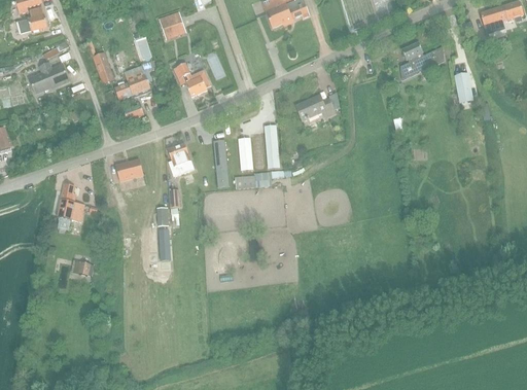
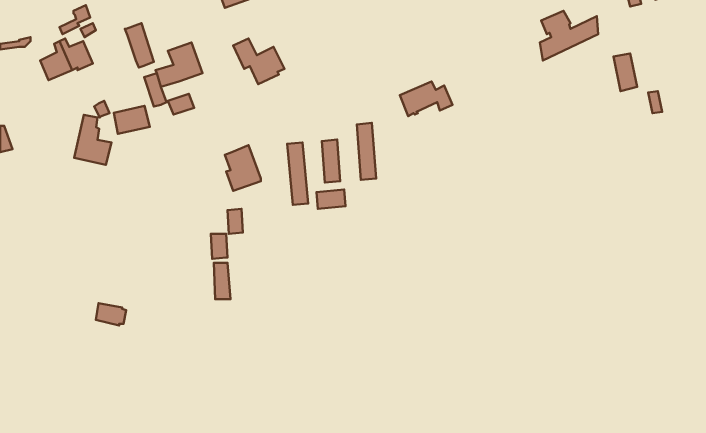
building: [116,159,143,180] -> [114,106,150,134]
building: [57,184,84,221] -> [74,115,112,165]

